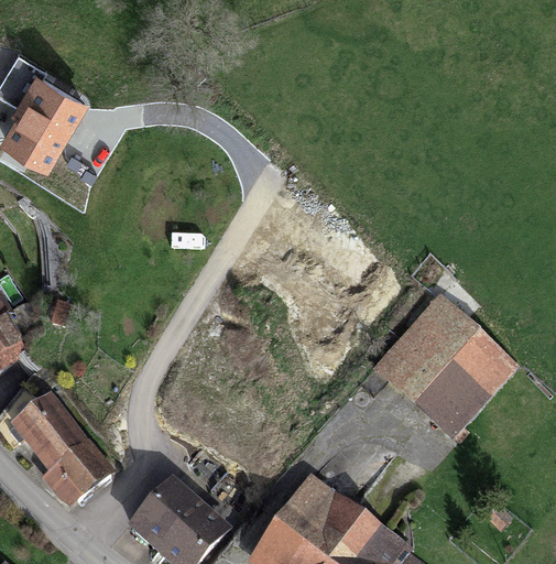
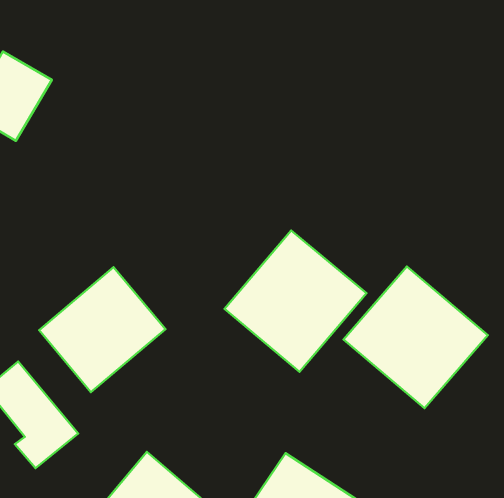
building: none -> [224,230,366,372]
building: none -> [39,267,165,392]

